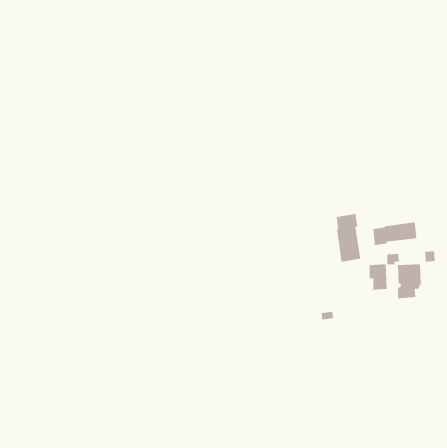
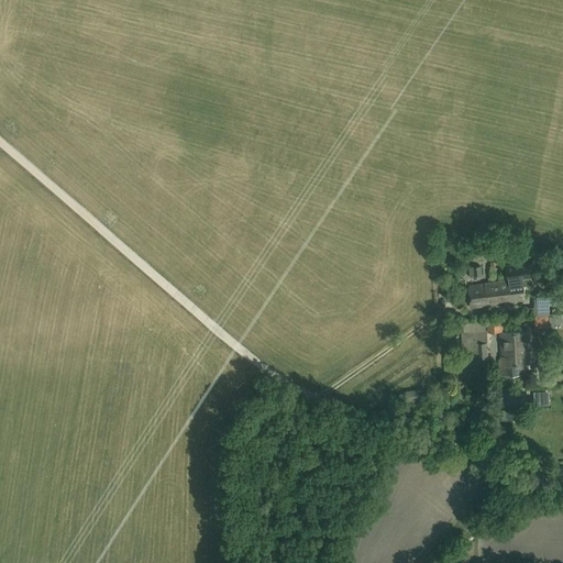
building: [336,213,361,262] -> none

